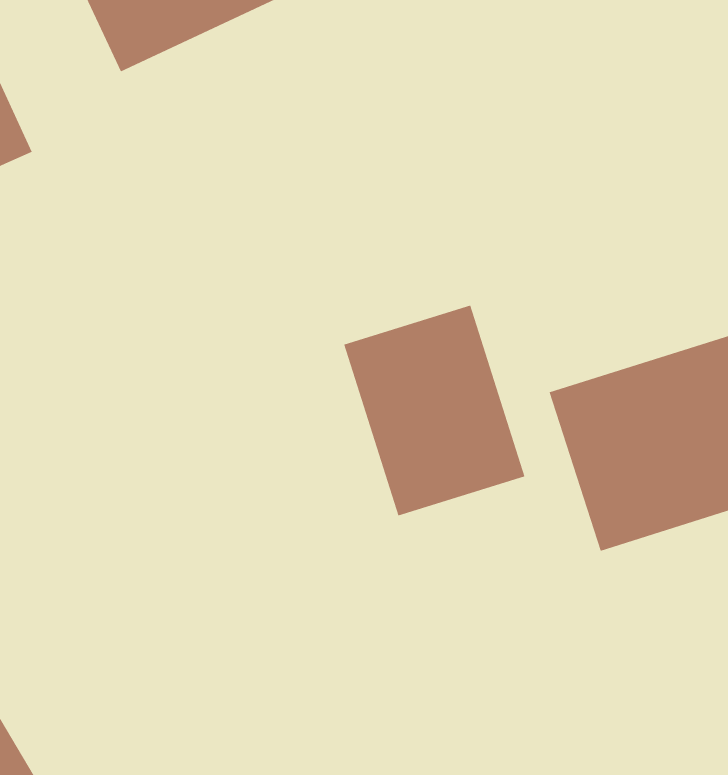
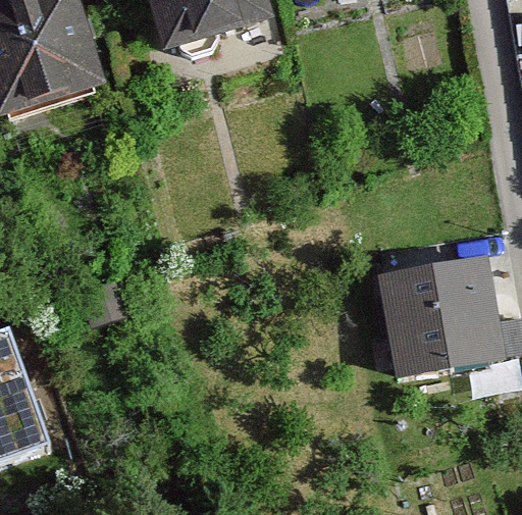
building: [343,304,525,516] -> none

